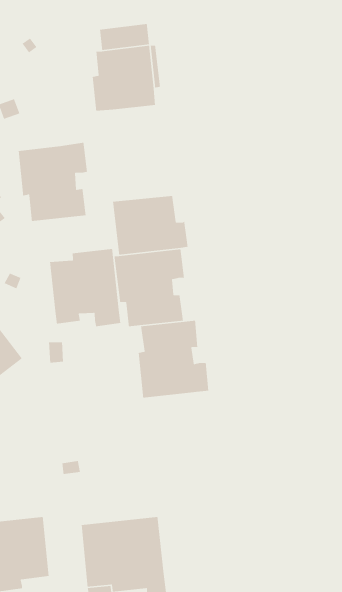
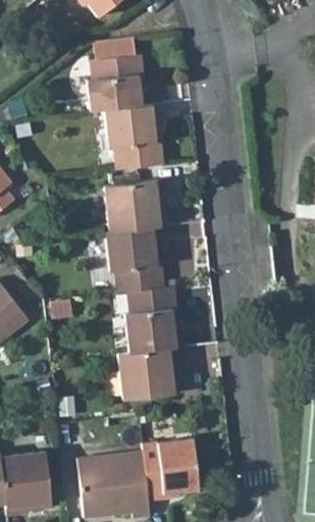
building: [18,142,88,222] -> [105,103,164,170]
building: [49,248,121,327] -> none
building: none -> [117,348,178,400]
building: none -> [142,438,199,501]

